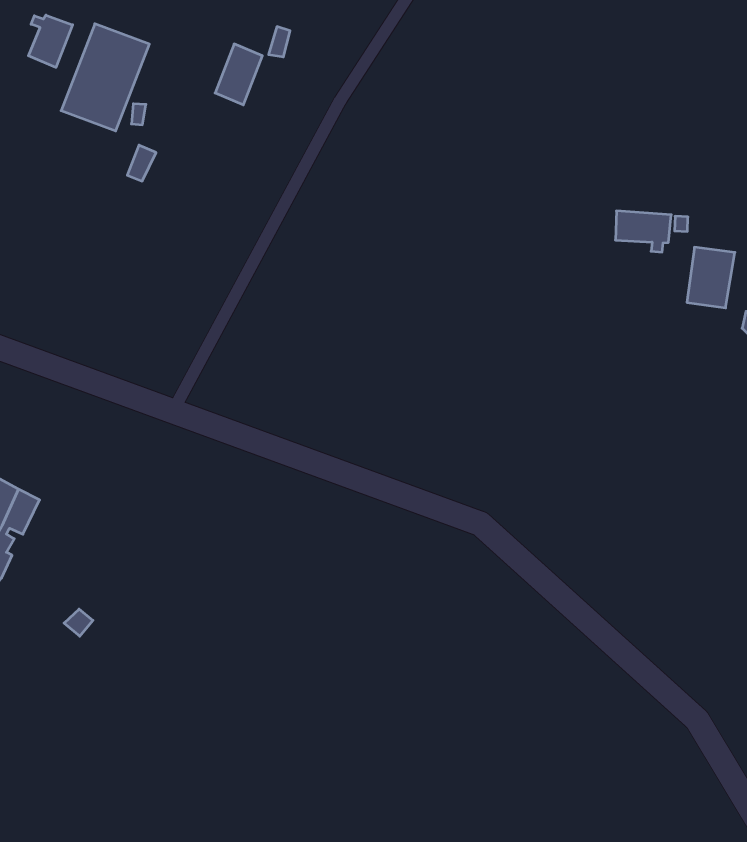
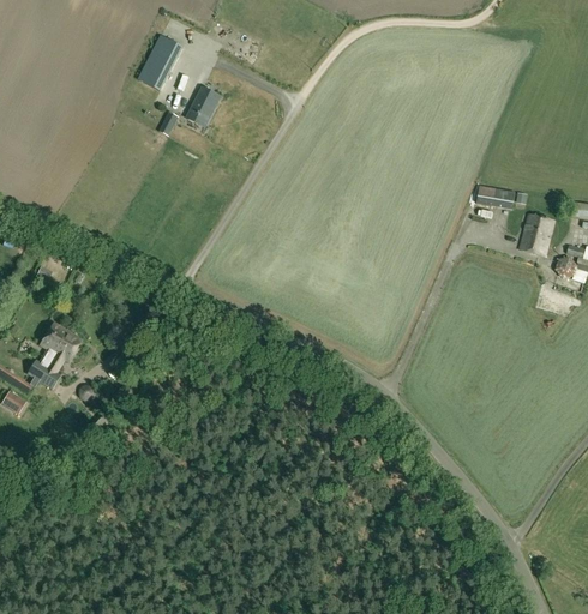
building: [28,15,73,67] -> none
building: [215,44,262,105] -> [186,86,220,127]

